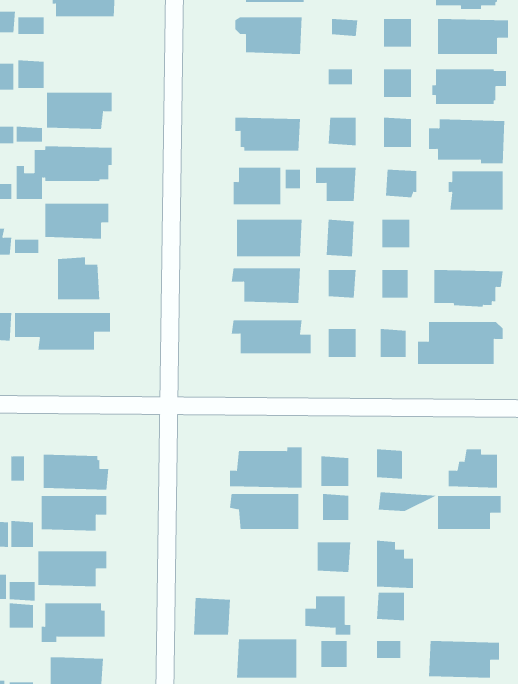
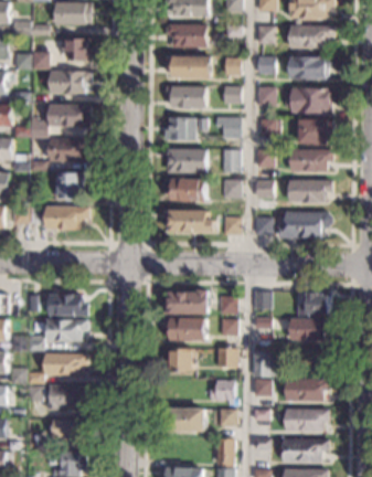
building: none -> [61,38,91,61]
building: none -> [166,55,211,78]
building: none -> [290,149,333,172]
building: none -> [286,379,329,402]
building: [193,598,231,635] -> [169,347,192,370]

